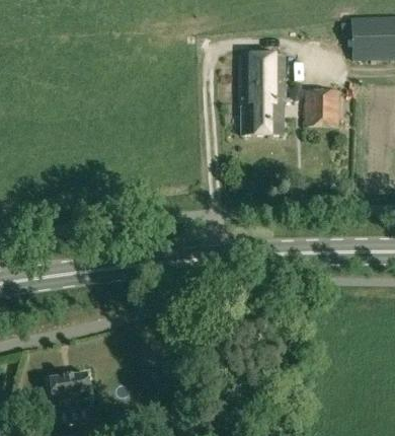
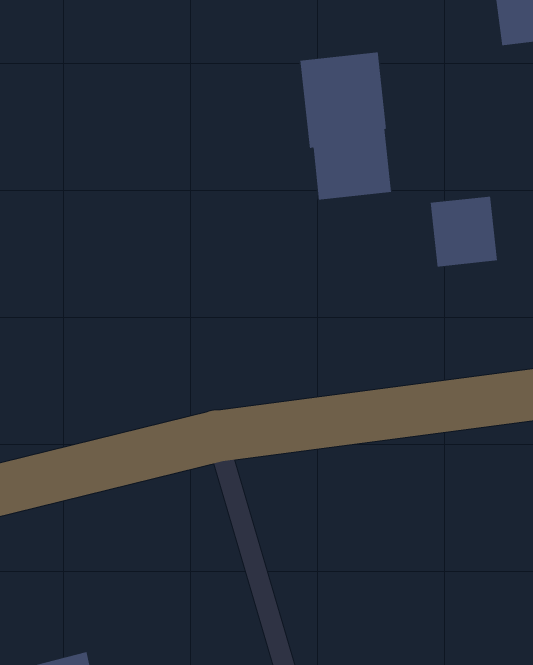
building: [304,89,338,126] -> [430,196,498,267]

